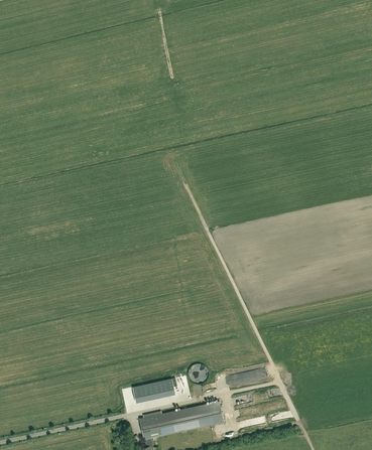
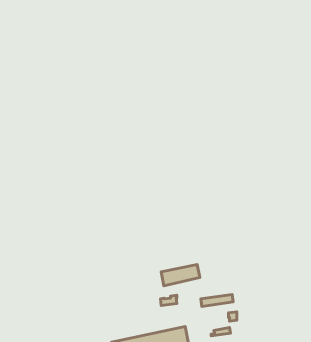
building: [132,379,174,402] -> [161,264,200,286]

